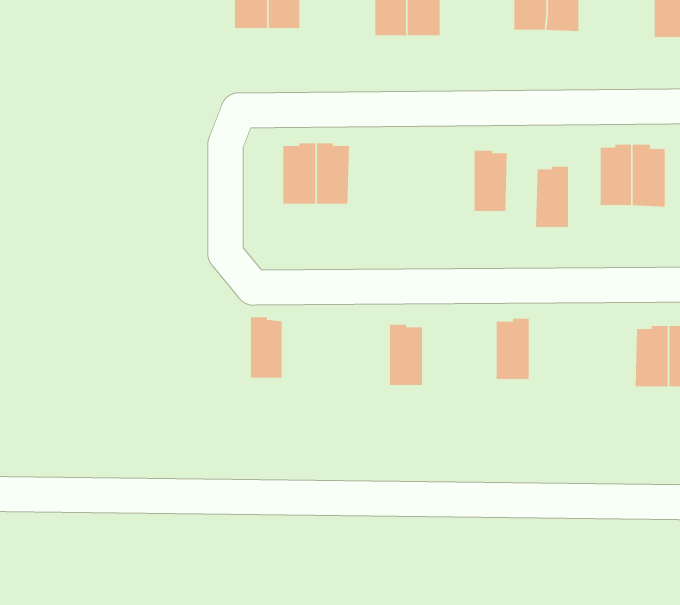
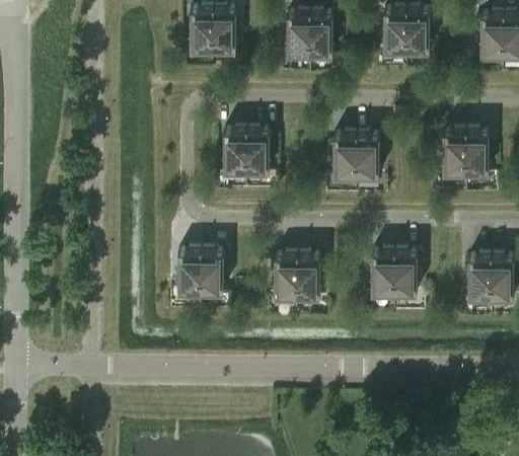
building: [535,166,569,227] -> [332,133,356,175]
building: none -> [177,248,201,291]
building: none -> [394,249,417,293]
building: none -> [274,253,297,296]

